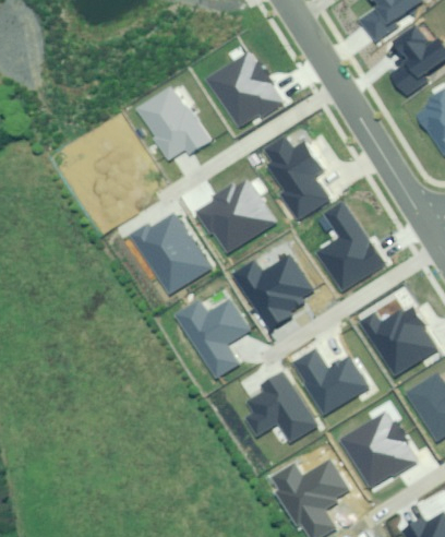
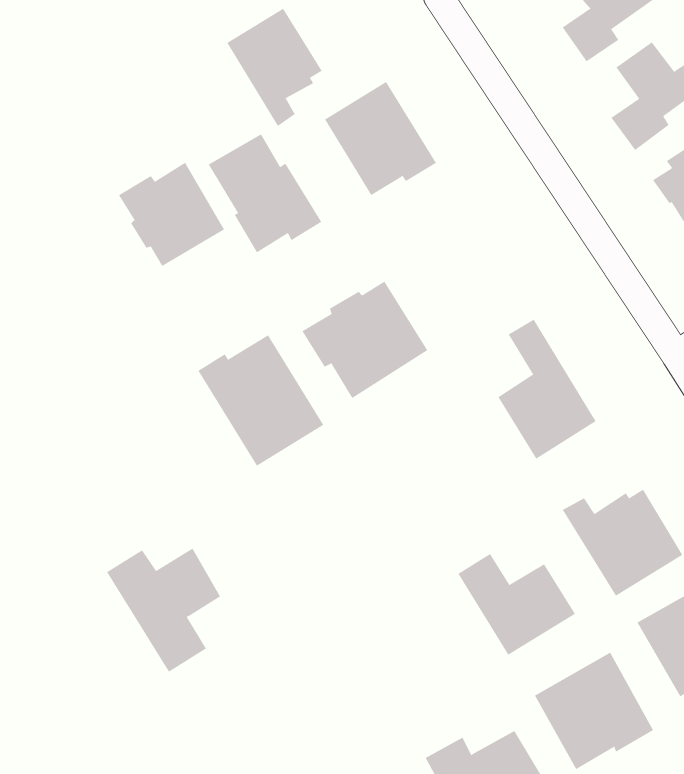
building: none -> [227,8,323,127]
building: none -> [118,162,225,267]
building: [267,136,329,217] -> none
building: [236,253,314,327] -> none
building: [177,299,249,378] -> [106,548,221,673]
building: [249,369,318,441] -> none

